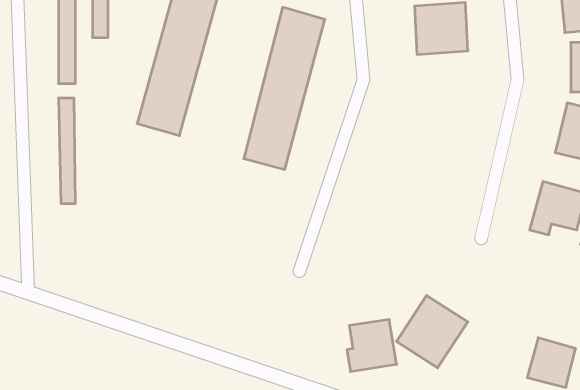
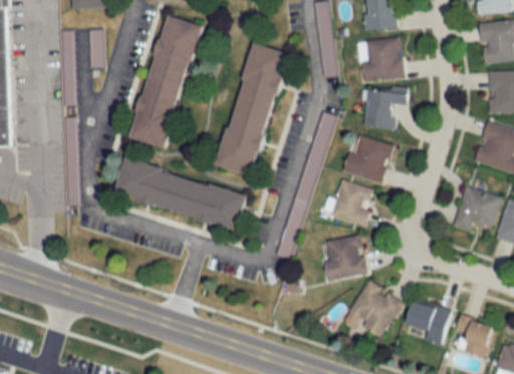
building: none -> [364,90,409,128]
building: none -> [344,134,393,183]
building: none -> [112,159,246,229]
building: none -> [330,180,374,227]
building: [347,319,397,372] -> [325,237,366,280]
building: none -> [406,301,451,344]

